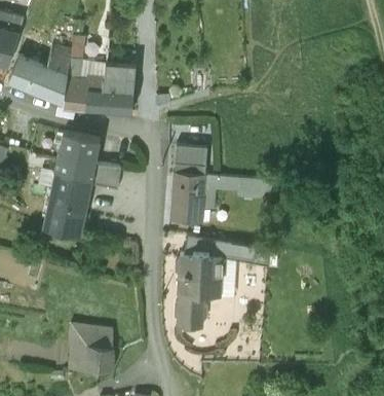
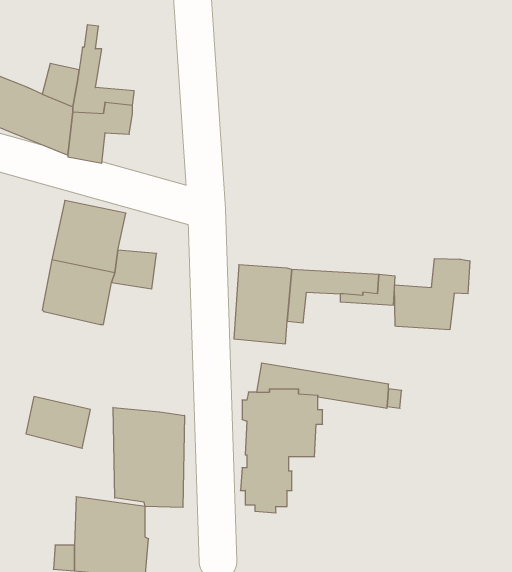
building: [85,78,135,114] -> none
building: [172,148,206,177] -> none
building: none -> [395,259,470,330]
building: [43,205,84,238] -> [26,397,90,448]
building: none -> [113,407,184,507]

